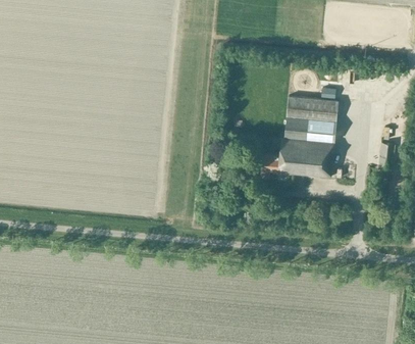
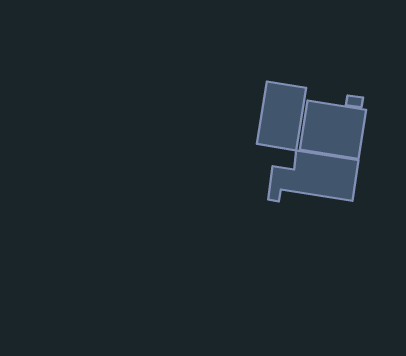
building: none -> [257,81,306,150]

